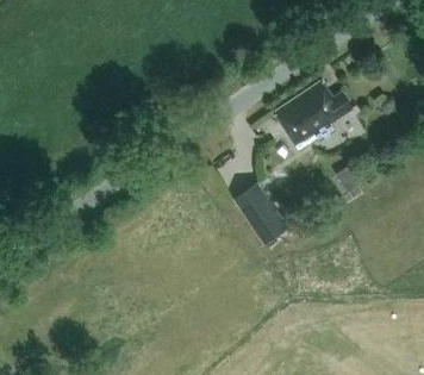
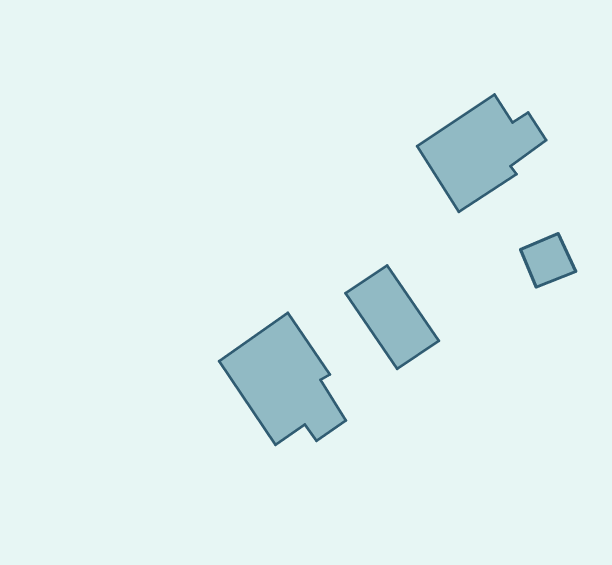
building: none -> [219,313,346,445]

